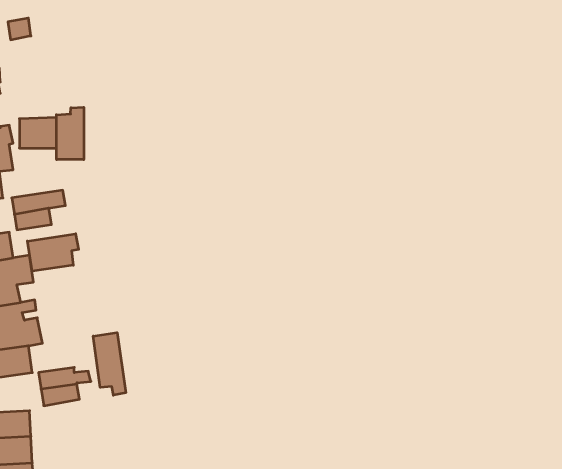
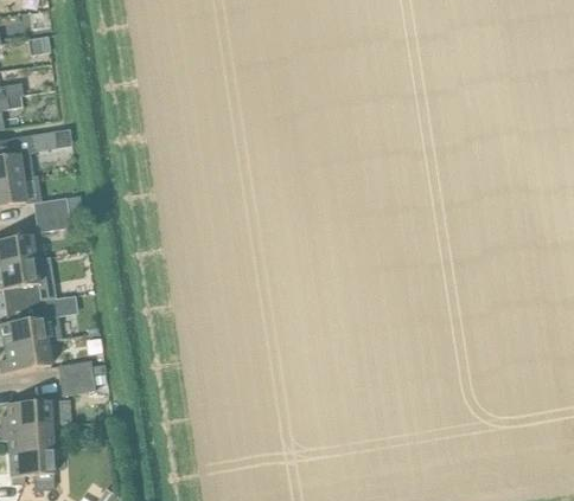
building: [56,107,84,160] -> none
building: [27,234,79,271] -> none
building: [93,333,126,395] -> none

